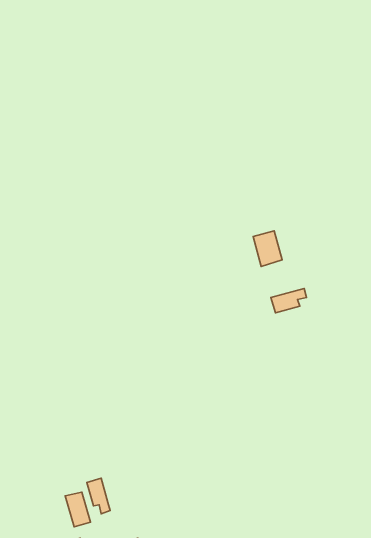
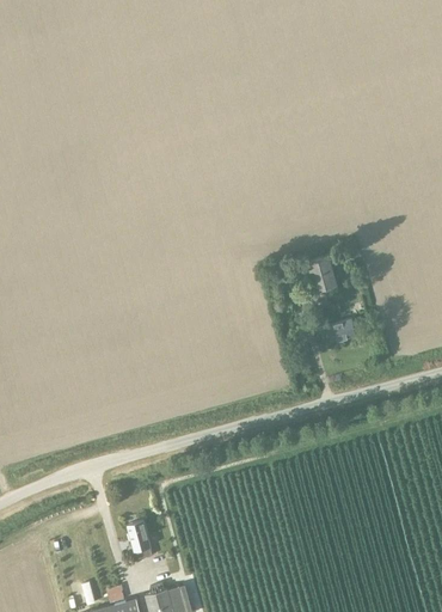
building: [65,492,90,527] -> none

